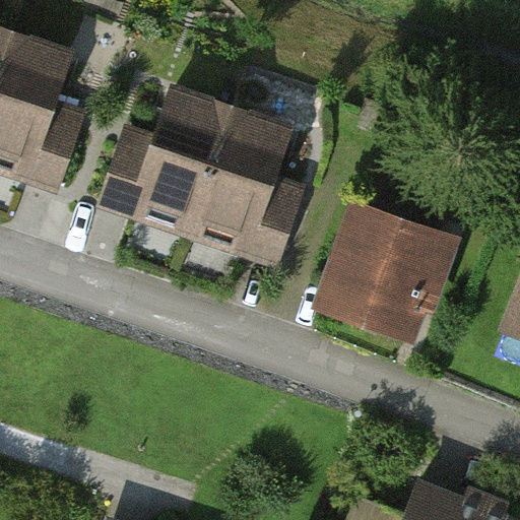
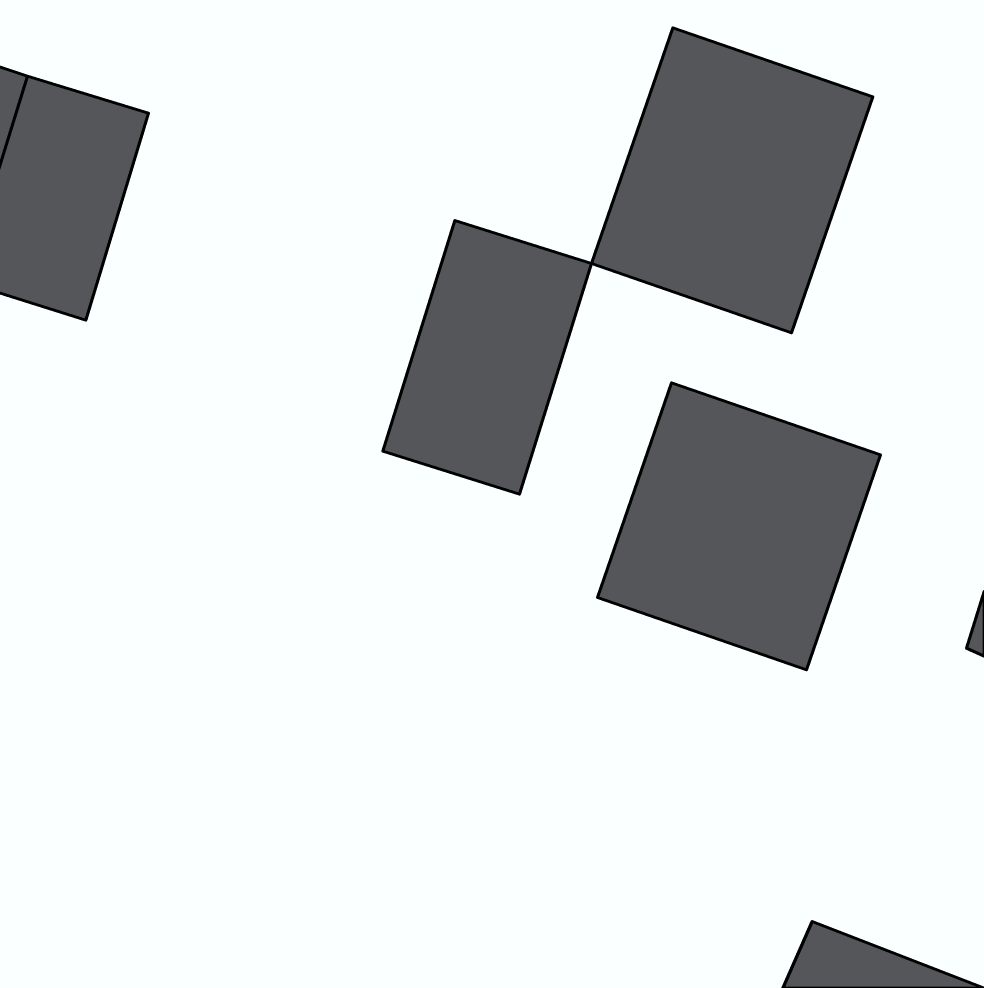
building: none -> [592,28,873,333]
building: [130,93,237,235] -> none

